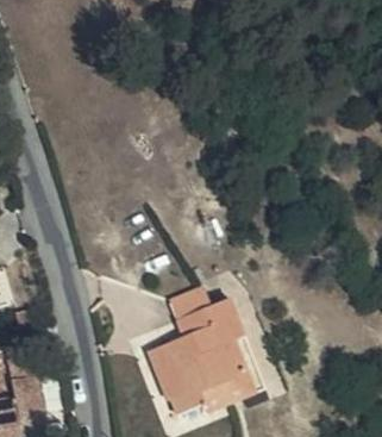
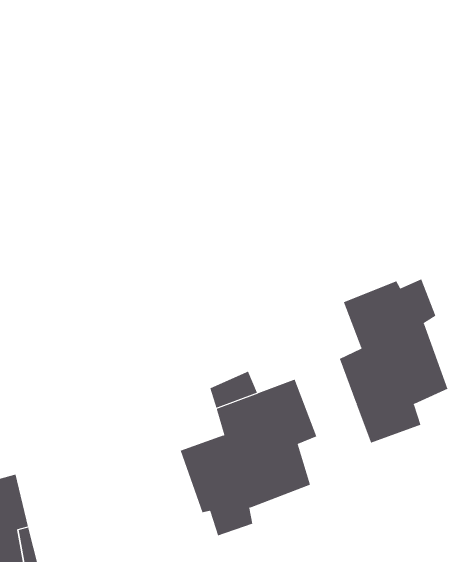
building: none -> [339,278,448,444]

